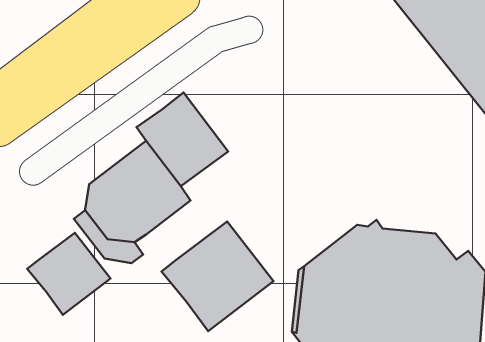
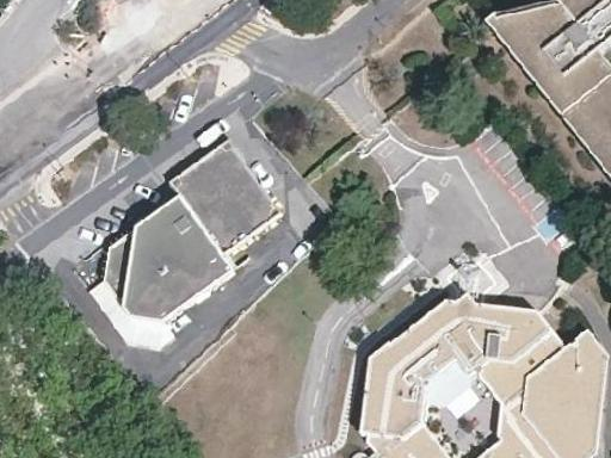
building: [162,222,274,331] -> none
building: [27,233,111,315] -> none

